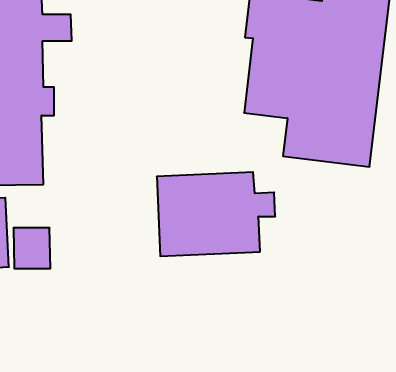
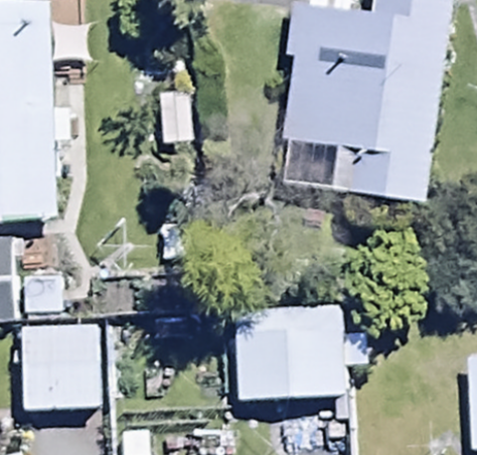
building: [157,172,275,256] -> [229,304,364,400]
building: none -> [21,318,101,414]

